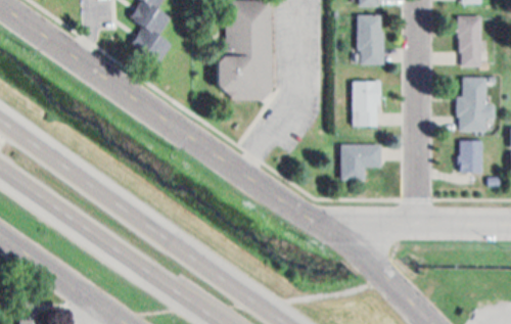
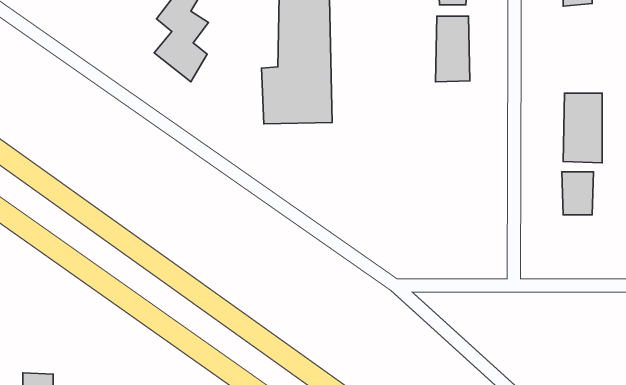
building: [459,13,481,67] -> none
building: [352,80,380,128] -> none
building: [339,141,382,182] -> none

